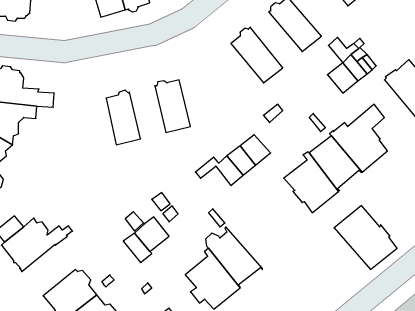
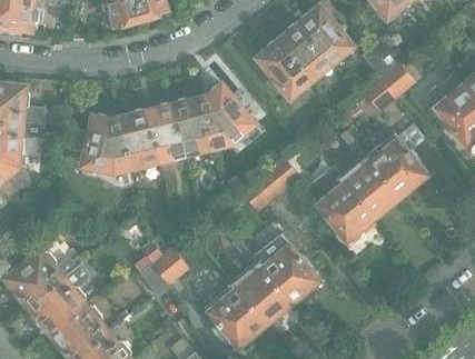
building: none -> [277,22,334,83]
building: none -> [199,83,254,148]
building: none -> [145,102,185,161]
building: none -> [81,113,130,172]
building: [334,206,397,269] -> [250,233,319,303]
building: none -> [27,263,88,333]

